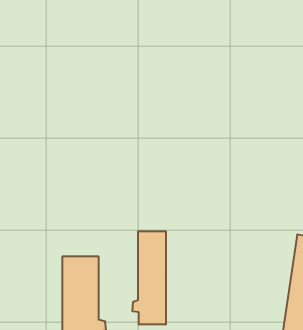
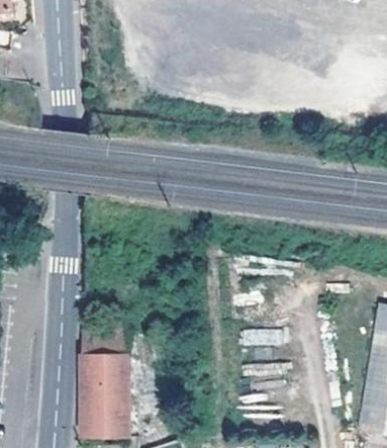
building: [133,231,166,325] -> none

